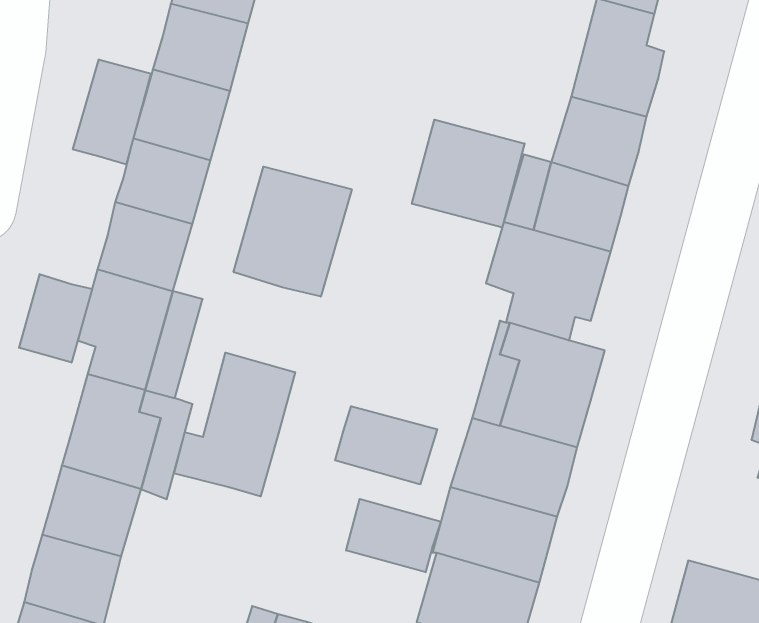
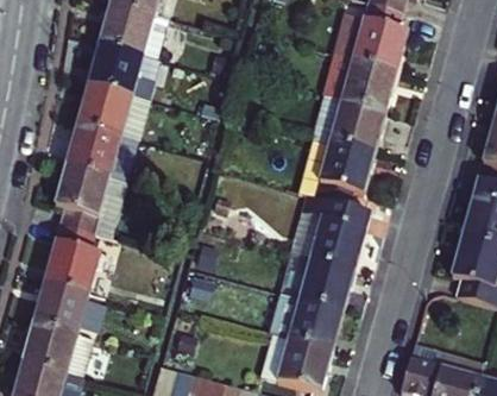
building: [73,59,151,164] -> none
building: [412,120,525,228] -> none
building: [234,167,352,297] -> none
building: [19,274,92,363] -> none
building: [174,353,295,496] -> none
building: [335,406,437,484] -> none
building: [346,499,441,572] -> none

